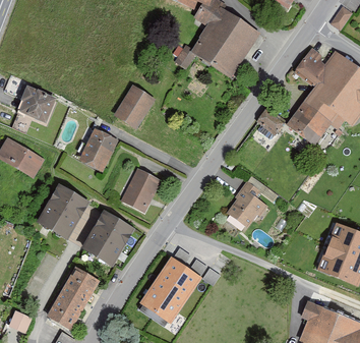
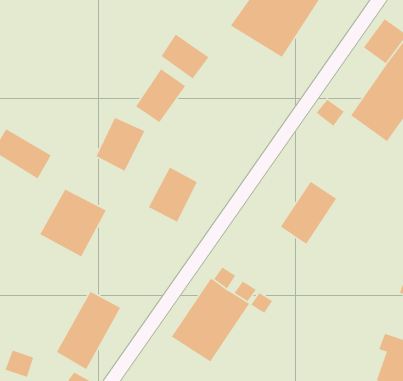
building: none -> [160,34,210,80]
building: [16,90,51,120] -> none
building: [83,211,134,265] -> none

